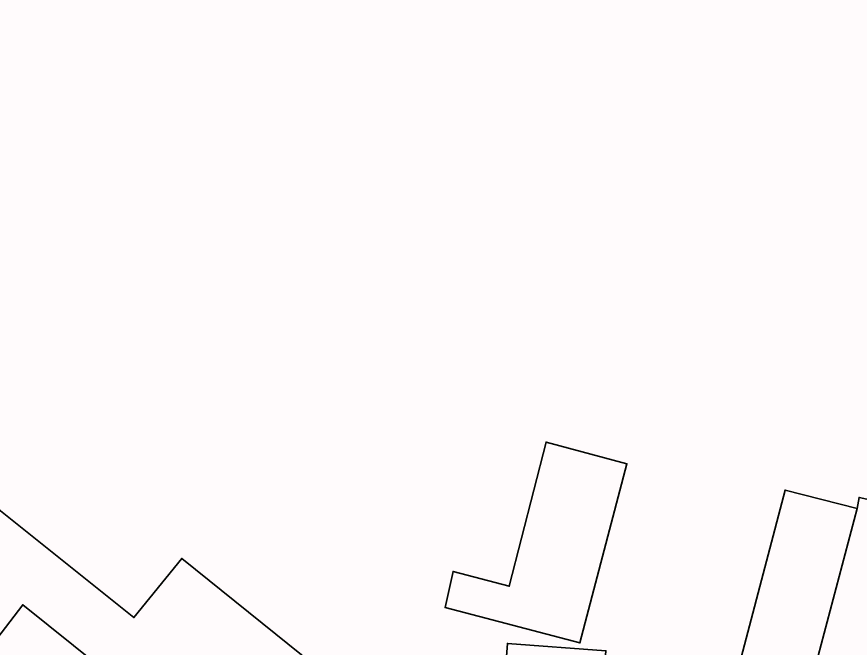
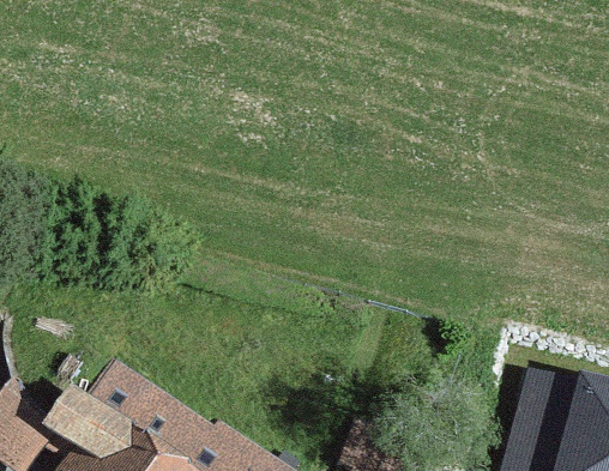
building: [445,442,627,643] -> none

